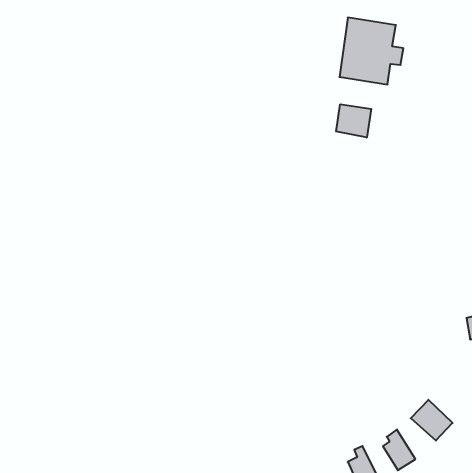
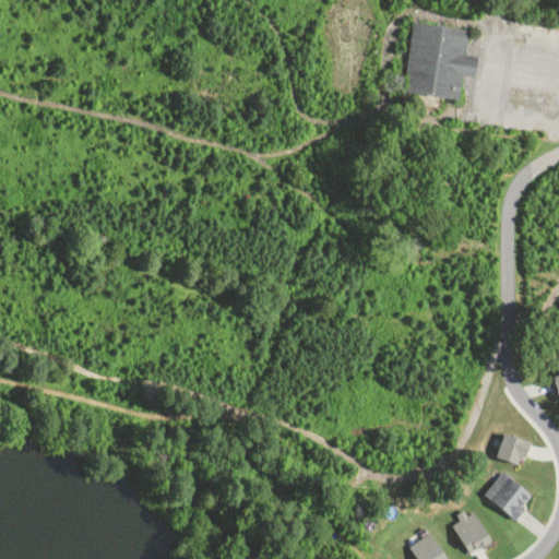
building: [336,104,371,138] -> none
building: none -> [496,432,530,466]

